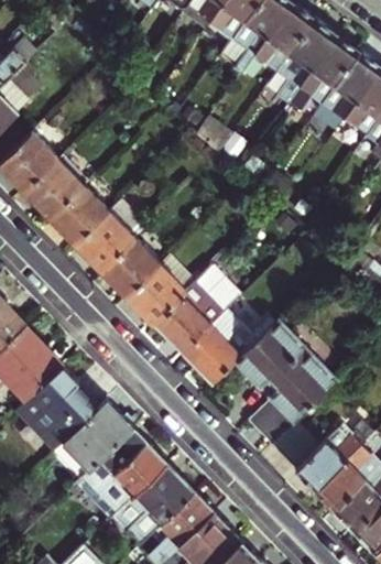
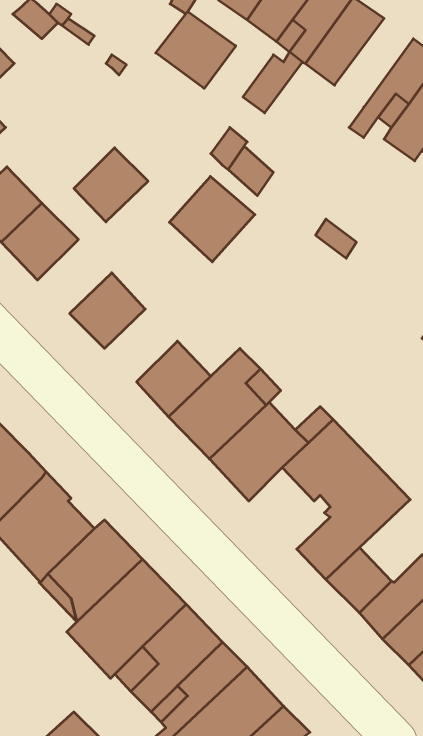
building: none -> [156,12,236,88]
building: [277,19,337,86] -> none
building: none -> [169,176,255,262]
building: [53,186,109,242] -> [74,148,148,222]
building: [104,239,159,294] -> none

